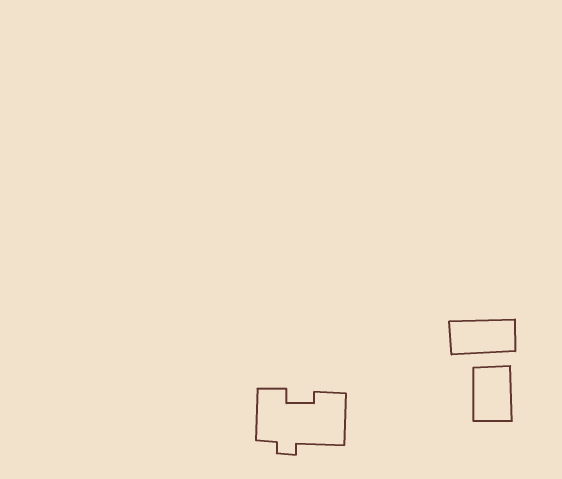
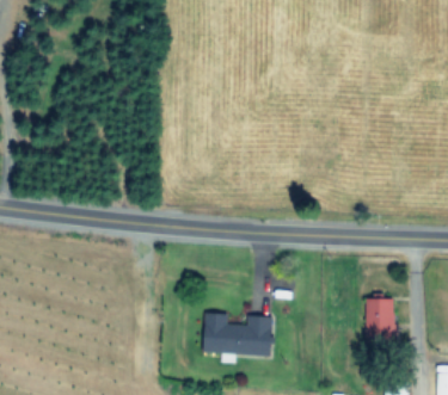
building: [449,319,515,355] -> none

